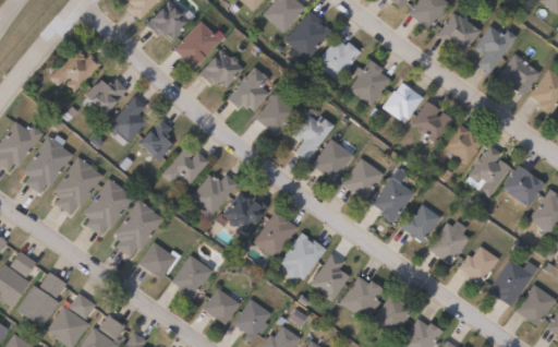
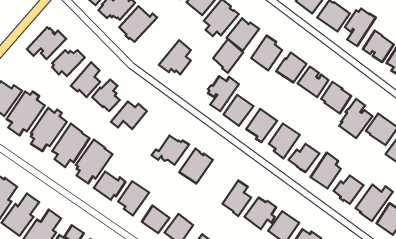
building: [202,48,242,86] -> none
building: [256,93,296,137] -> [213,39,243,73]
building: [190,174,238,216] -> none
building: [279,231,326,279] -> none

